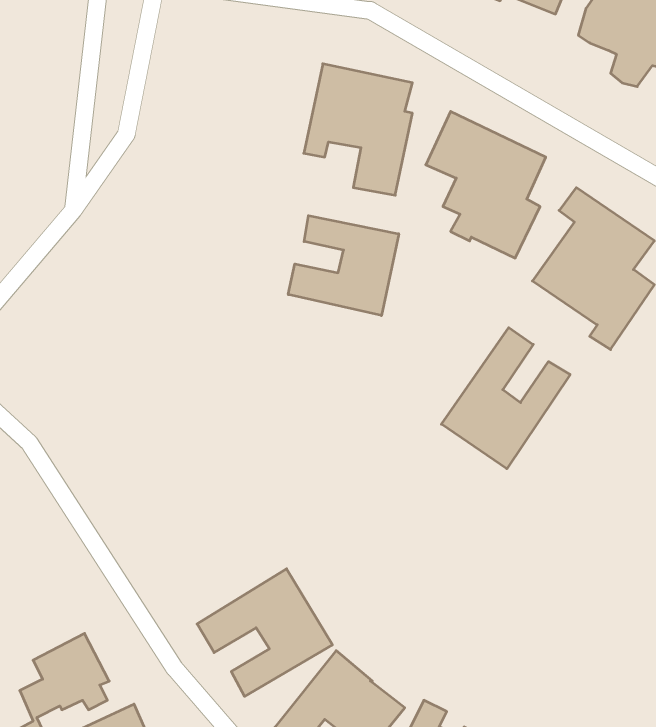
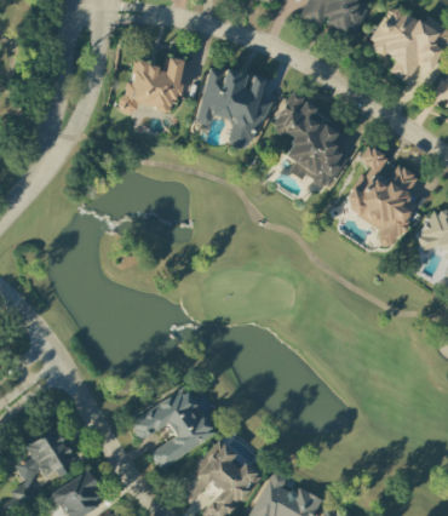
building: none -> [119,56,183,115]
building: [288,216,399,316] -> none
building: [441,328,570,469] -> none

